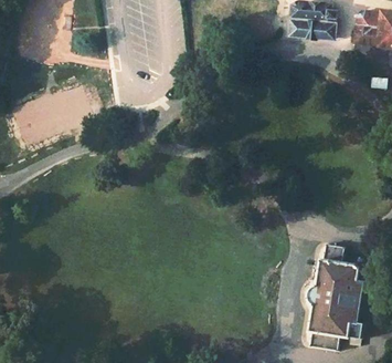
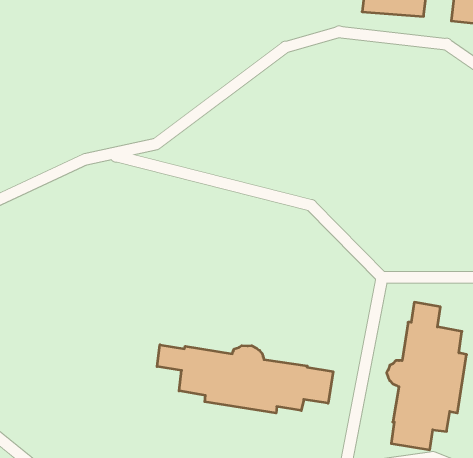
building: none -> [157,345,333,413]

